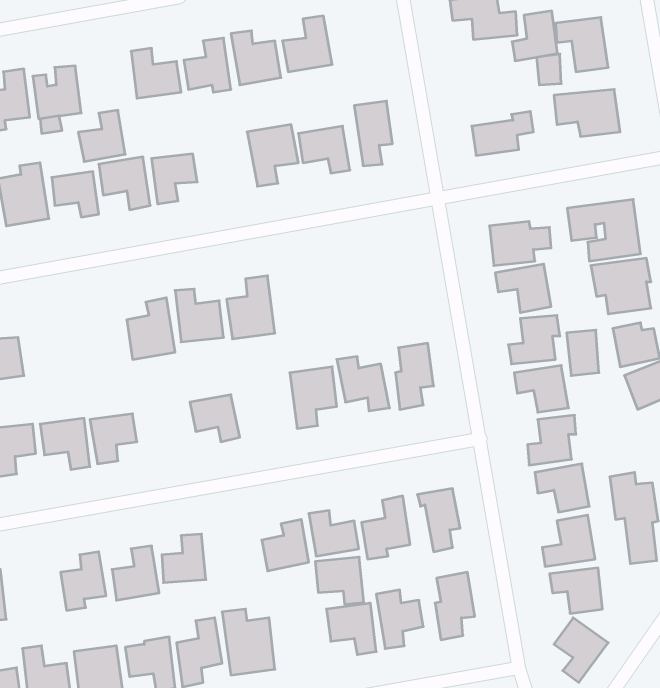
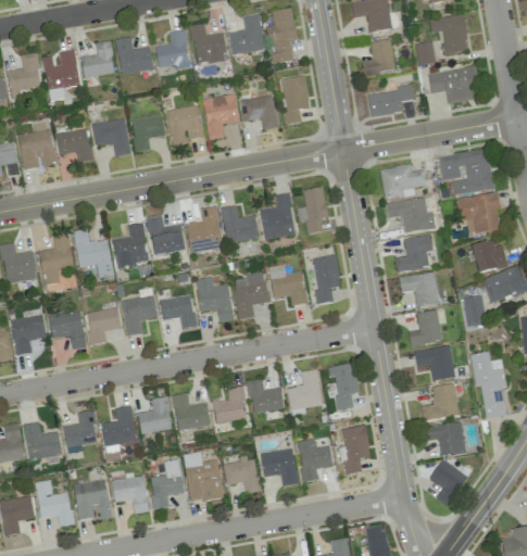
building: none -> [268,8,297,63]
building: [512,11,558,61] -> [362,38,396,75]
building: [78,110,125,162] -> [80,40,115,78]
building: none -> [167,104,202,146]
building: none -> [298,187,328,233]
building: none -> [260,192,297,239]
building: none -> [222,205,259,242]
building: none -> [73,228,114,278]
building: none -> [38,232,74,285]
building: [567,330,599,376] -> [462,295,486,329]
building: none -> [196,277,234,321]
building: none -> [122,294,158,336]
building: none -> [174,392,210,429]
building: [315,557,364,604] -> [224,457,260,492]
building: none -> [25,421,61,458]

